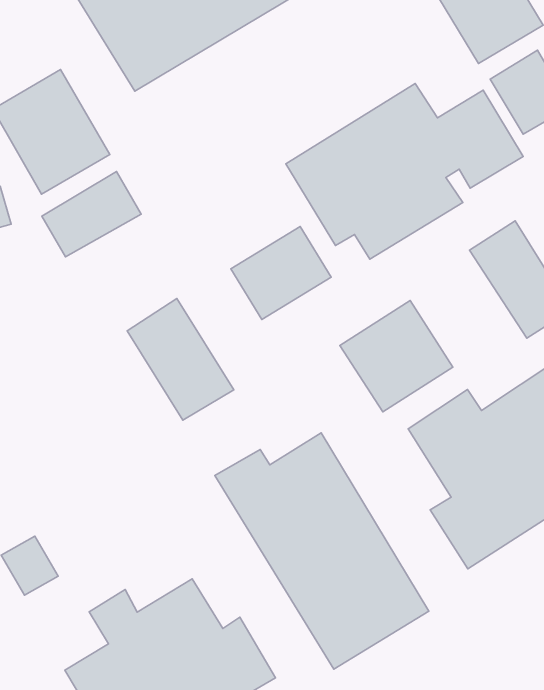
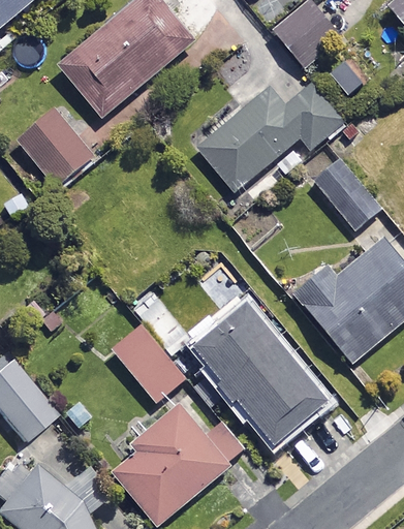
building: [42,171,141,257] -> none
building: [231,226,331,319] -> none
building: [127,299,234,420] -> [116,328,185,400]
building: [340,301,453,412] -> none

